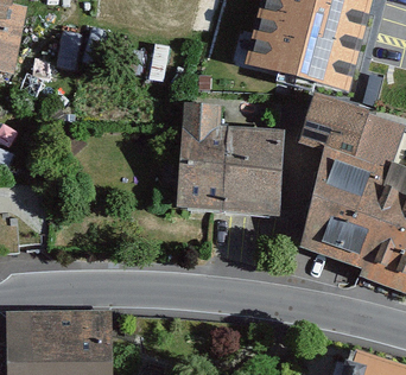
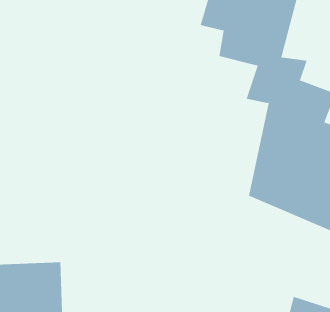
building: [173,103,279,209] -> none

